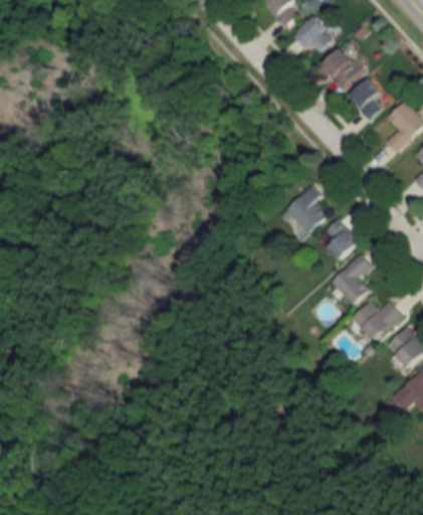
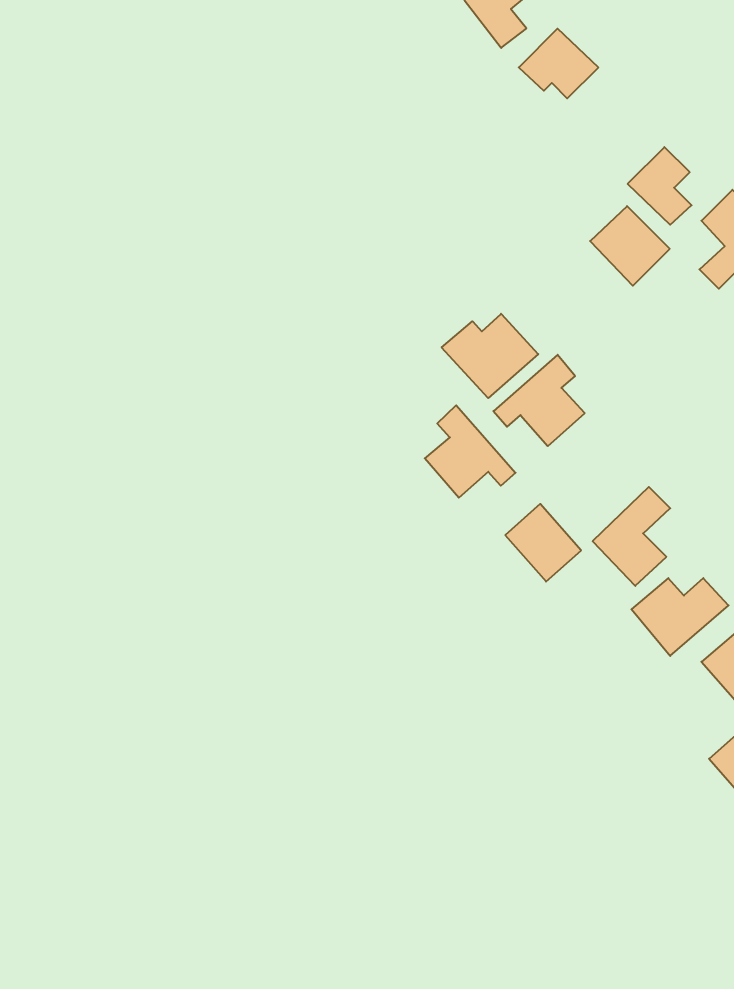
building: [320,47,361,89] -> [590,206,670,286]
building: none -> [442,314,538,398]
building: none -> [425,405,516,498]
building: [320,219,359,260] -> [505,504,581,582]

